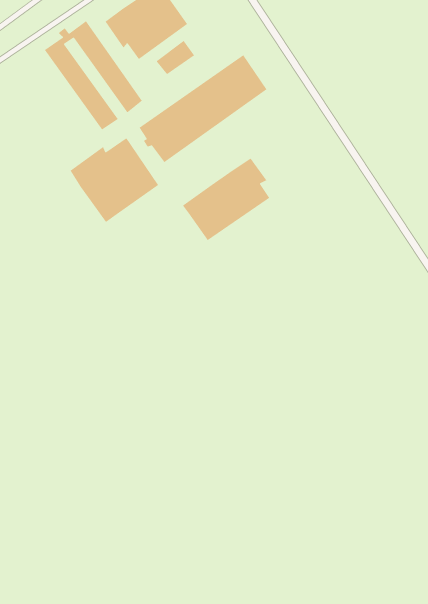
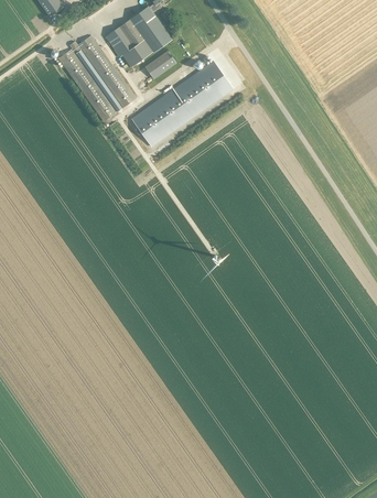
building: [69,136,159,222] -> none
building: [182,157,272,241] -> none

